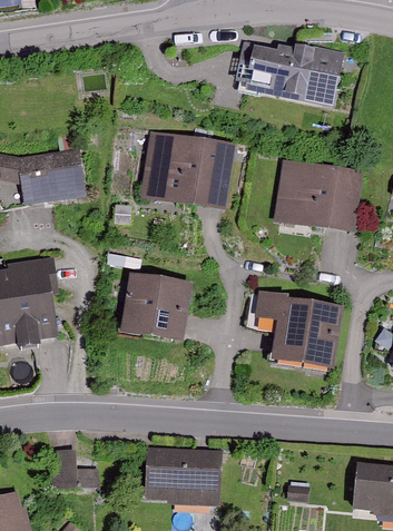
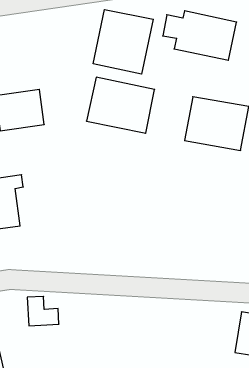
building: none -> [93,10,153,74]
building: [116,276,186,342] -> none
building: [255,291,338,366] -> none
building: [145,444,217,499] -> none

